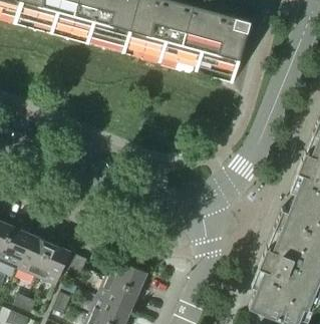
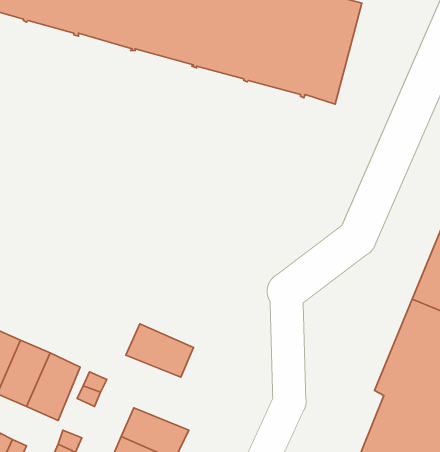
building: [105,259,148,293] -> [126,324,193,377]

